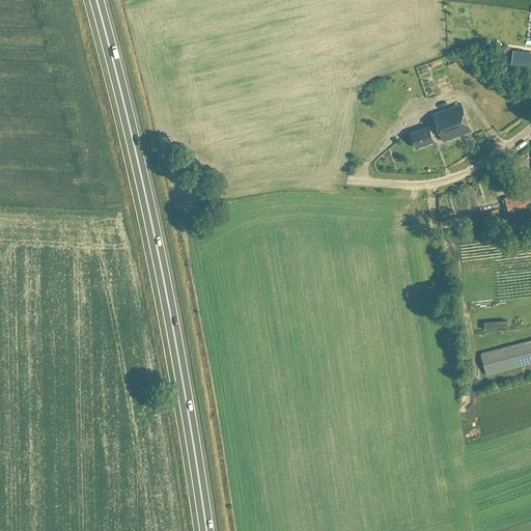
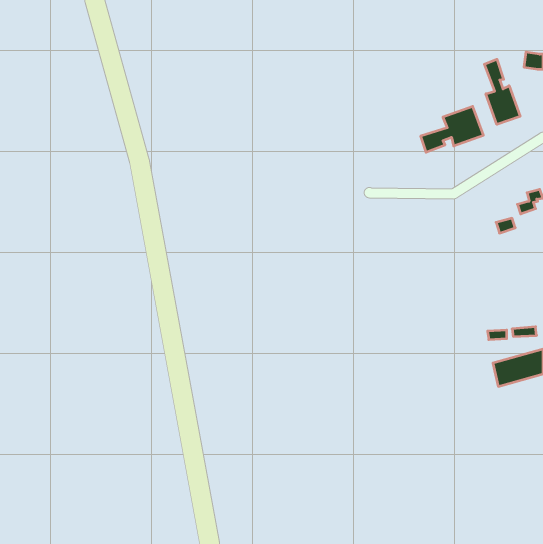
building: none -> [484,59,520,124]

